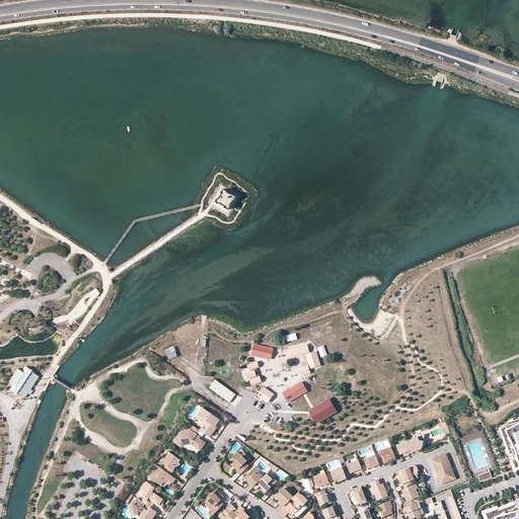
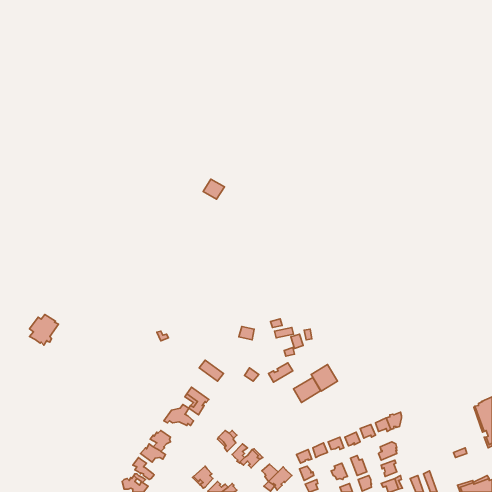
building: [9,366,40,398] -> [29,314,58,345]
building: none -> [311,365,337,391]
building: [432,453,457,485] -> none

